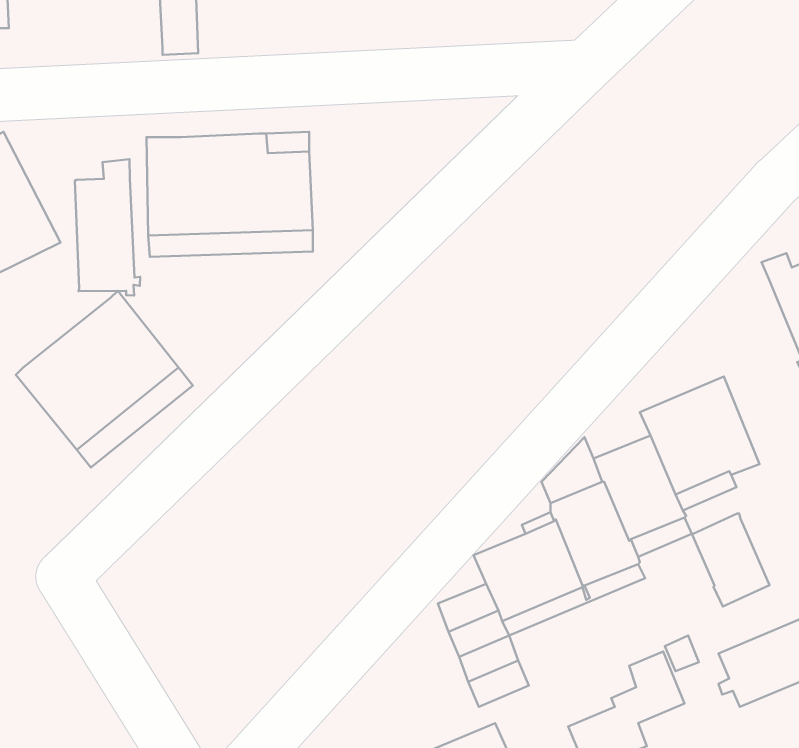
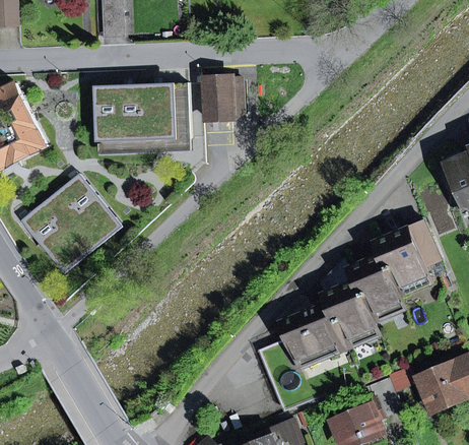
building: none -> [205,77,243,120]
building: [75,159,140,295] -> none
building: [692,513,769,607] -> none

